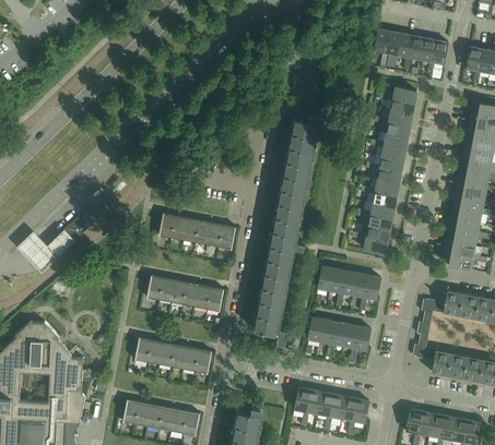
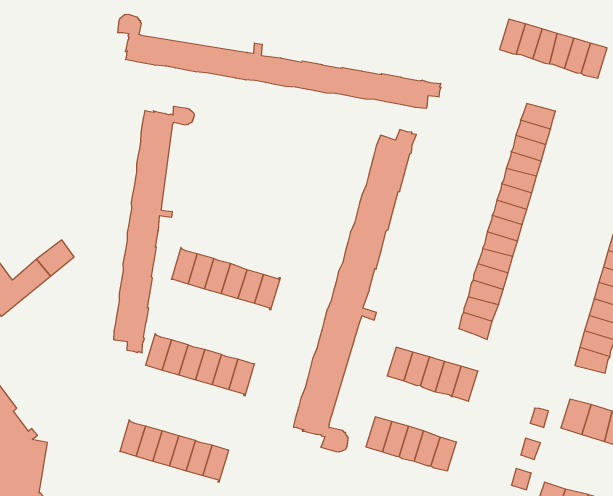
building: none -> [118,14,441,108]
building: none -> [114,106,194,353]

